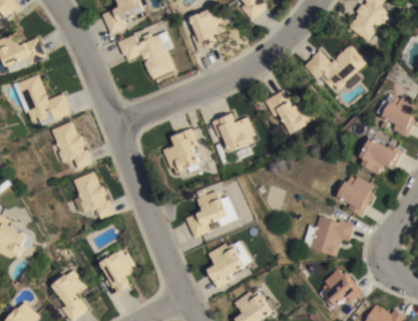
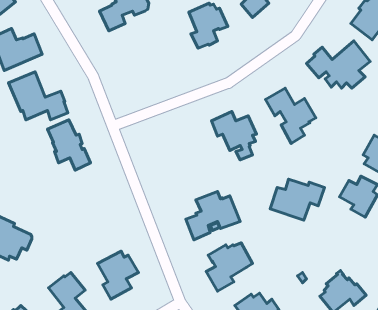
building: [117,29,174,79] -> none
building: [161,127,200,174] -> none
building: [72,171,114,220] -> none
building: [301,216,354,256] -> [270,179,324,220]

